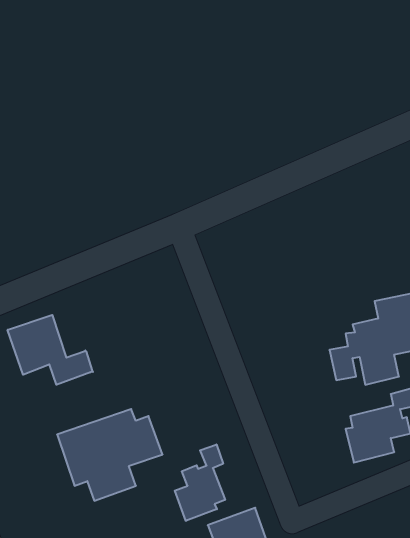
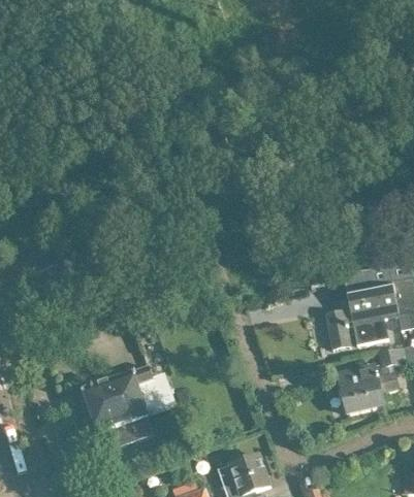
building: [8,315,93,385] -> none
building: [175,444,225,521] -> none

